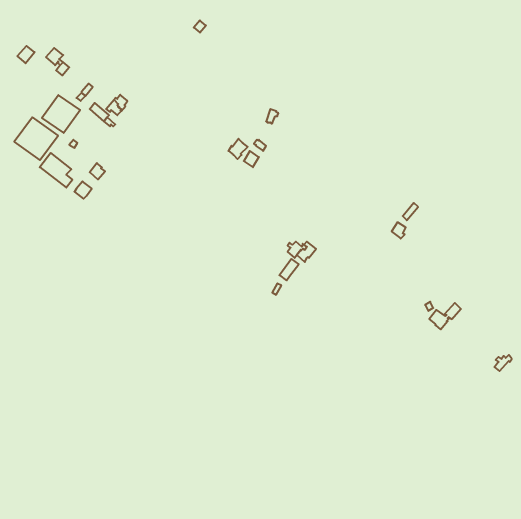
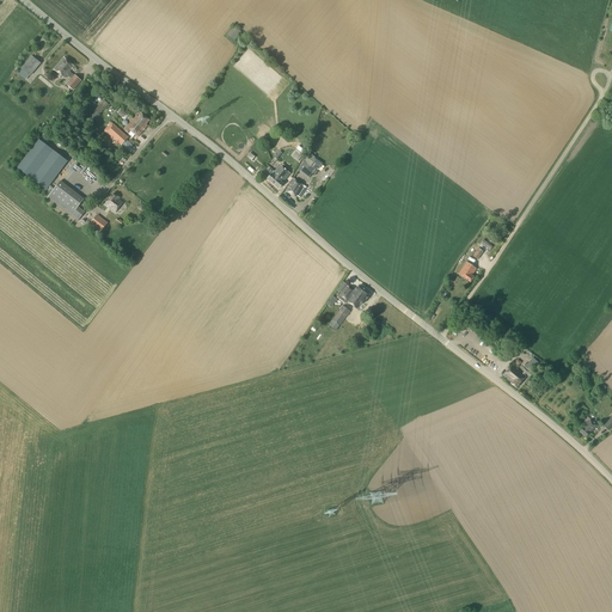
building: [42,95,80,133] -> none

